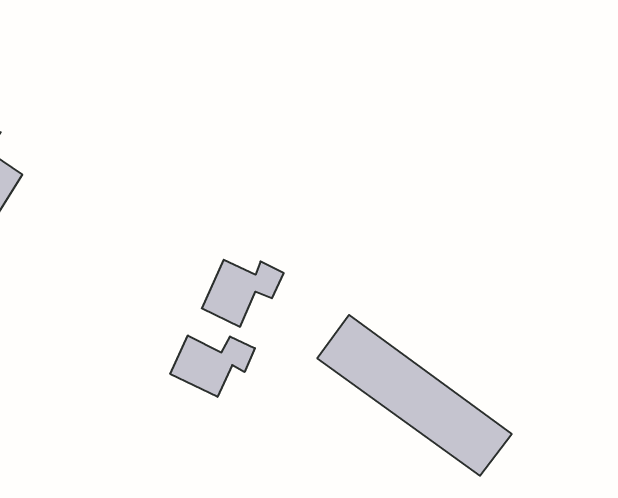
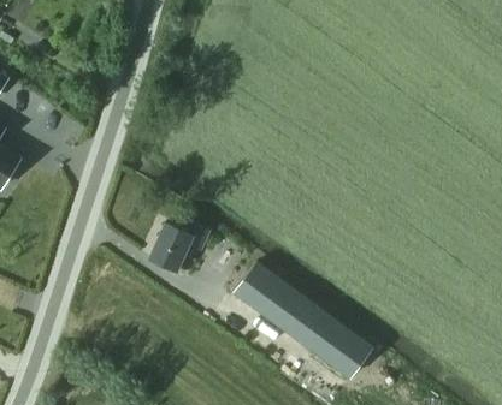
building: [170,335,255,397] -> none

